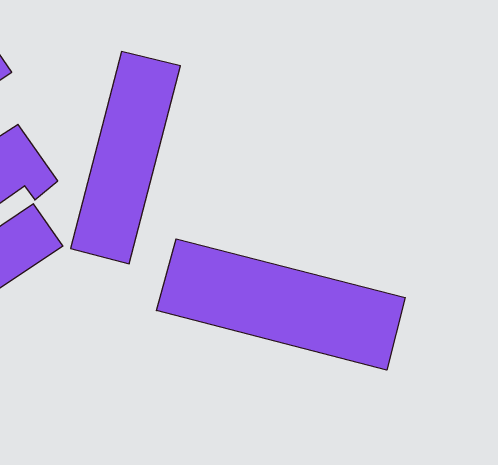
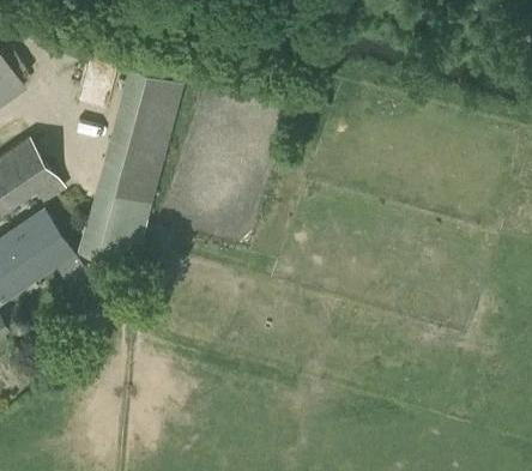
building: [156,239,405,370] -> none

